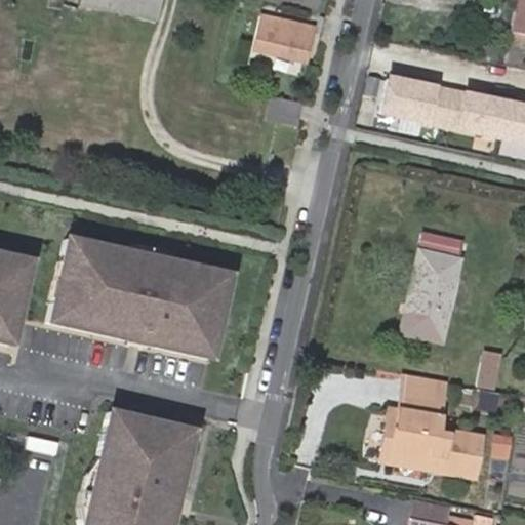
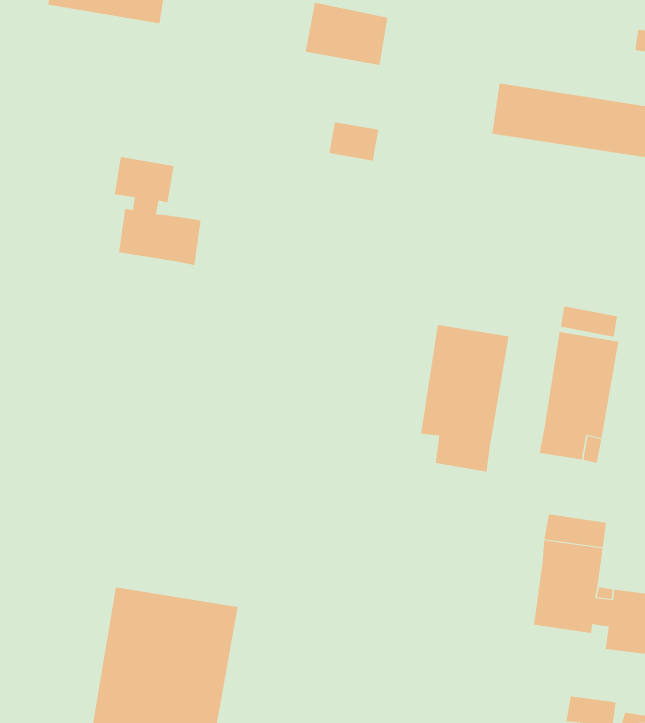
building: none -> [114,156,201,266]
building: [49,238,231,358] -> none
building: none -> [420,324,509,473]
building: [382,406,445,470] -> none

